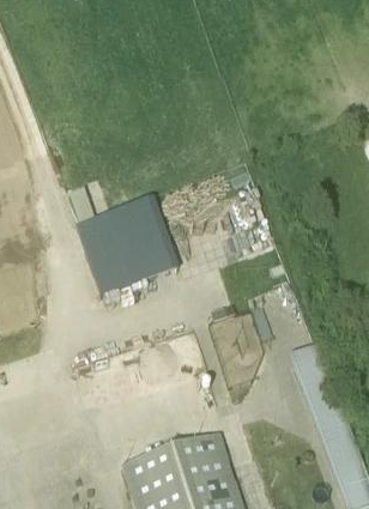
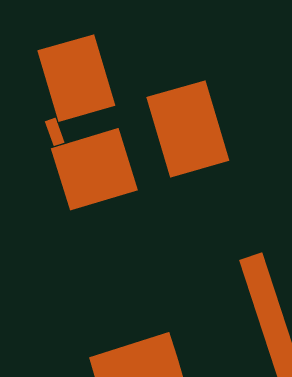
building: none -> [37,34,116,123]
building: none -> [145,80,230,178]

